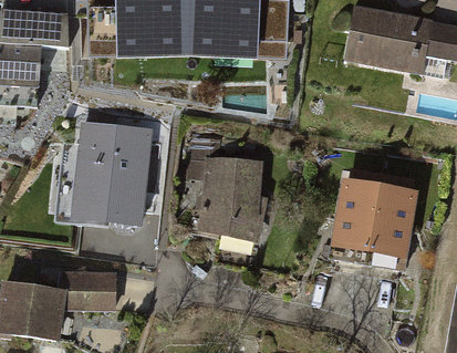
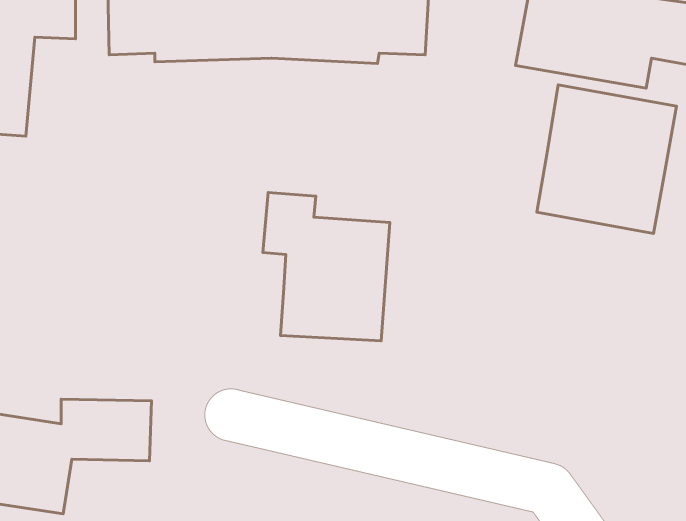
building: [53,120,150,229] -> none
building: [330,177,417,270] -> [537,85,677,233]

